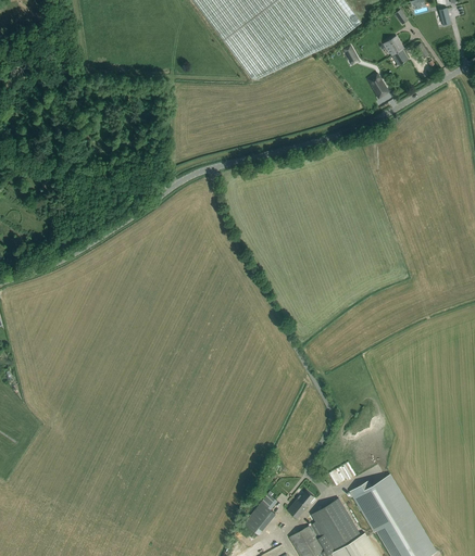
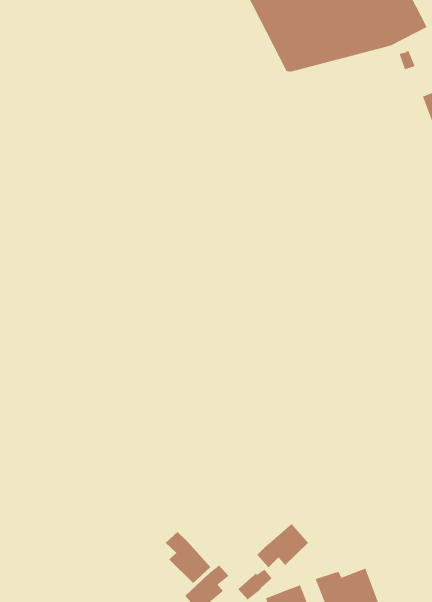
building: none -> [257,523,309,568]
building: none -> [165,531,211,584]

